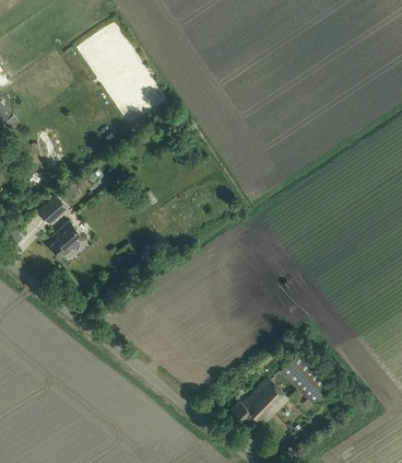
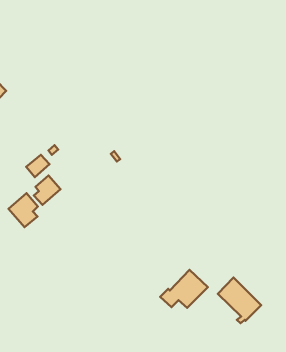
building: none -> [8,193,38,227]
building: [228,379,288,427] -> [160,270,208,308]

